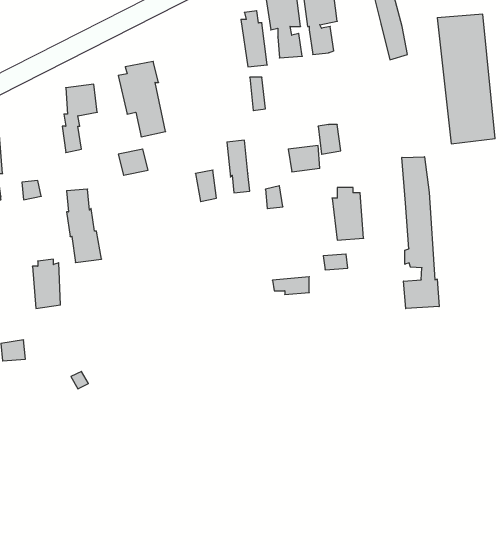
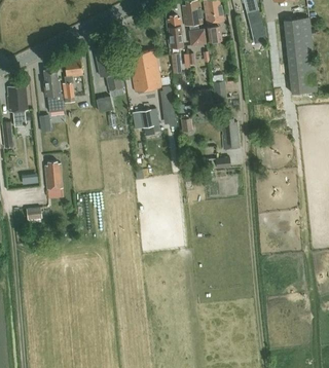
building: none -> [130,50,170,93]
building: [402,157,439,309] -> none
building: [67,189,102,263] -> [44,69,65,112]

